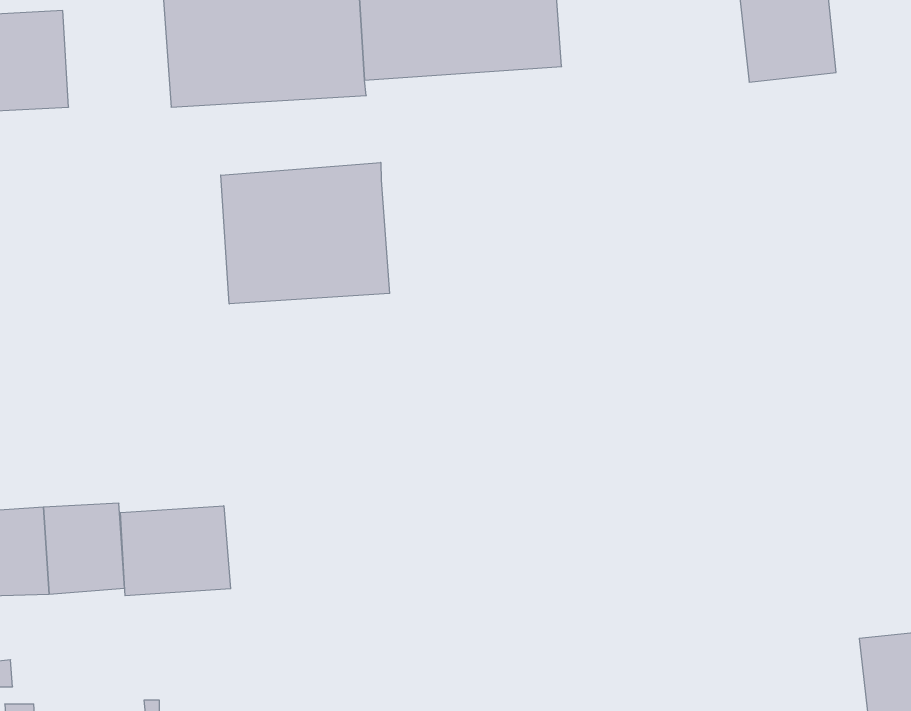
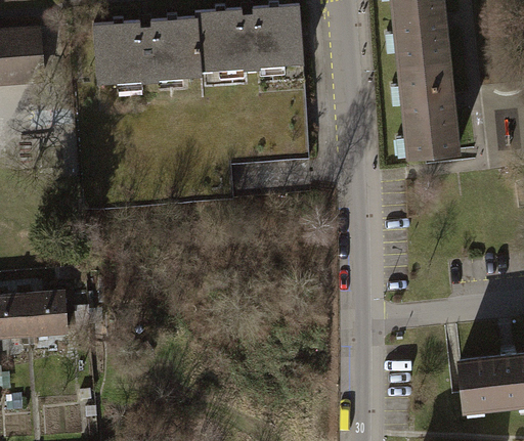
building: none -> [401,63,457,159]
building: [221,162,390,304] -> none
building: [120,506,231,596] -> none

